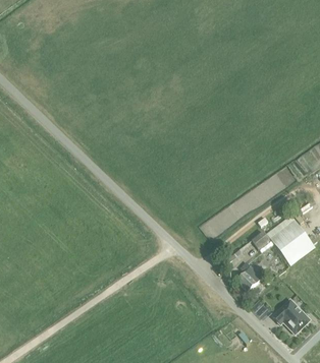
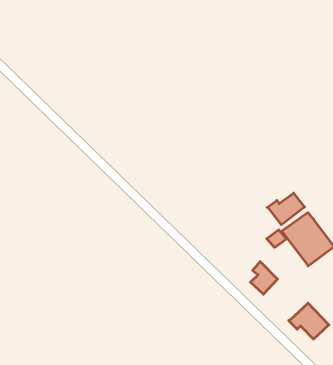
building: none -> [267,193,305,225]

